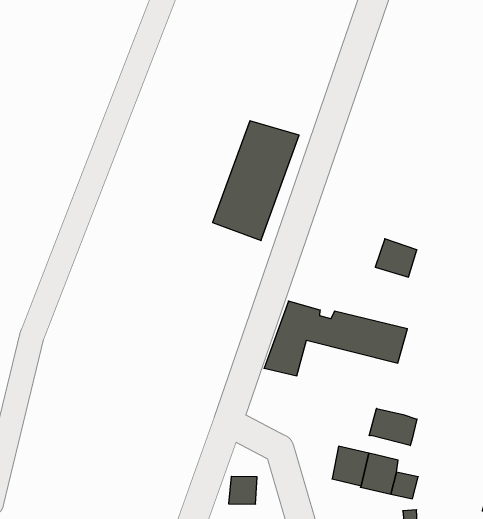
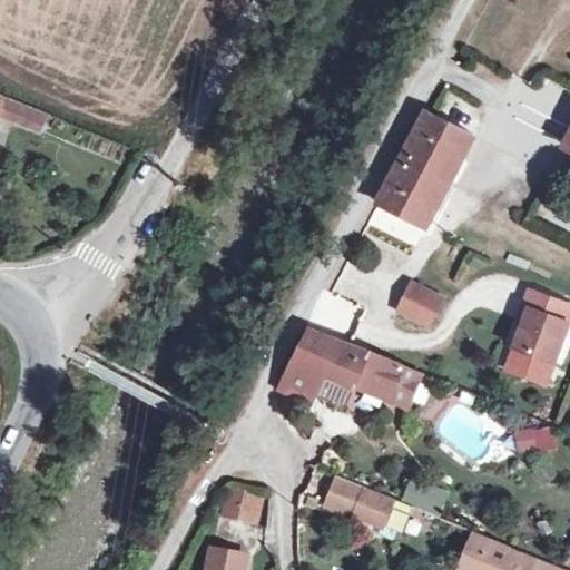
building: [213,121,299,241] -> [377,115,473,230]
building: [369,408,417,446] -> none

